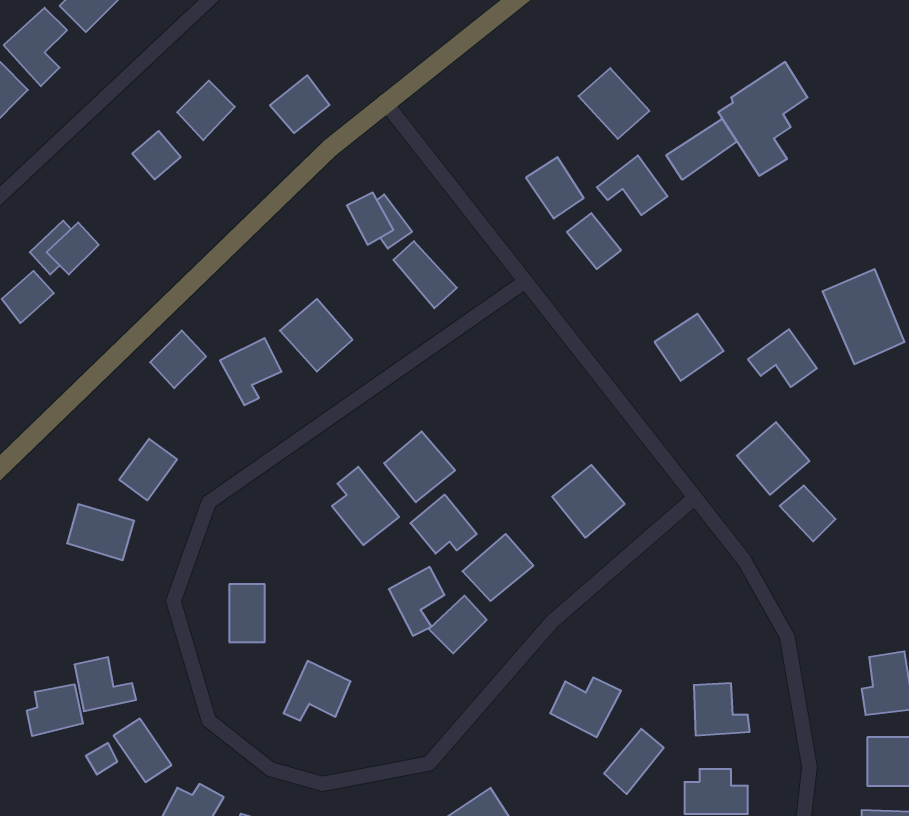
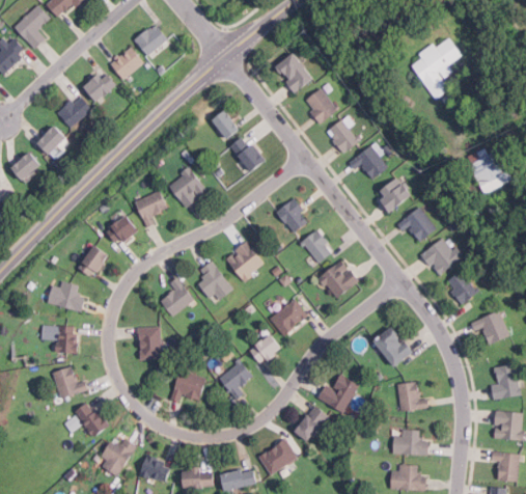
building: [578,68,649,139] -> [274,54,313,93]
building: [270,75,330,133] -> [134,24,167,56]
building: [666,119,737,180] -> none
building: [597,155,668,215] -> [348,145,387,179]
building: none -> [57,95,91,128]
building: [748,329,817,387] -> [396,208,435,240]
building: [150,330,206,388] -> [107,216,138,248]
building: none -> [276,199,309,234]
building: none -> [302,230,332,264]
building: [410,495,477,554] -> none
building: none -> [161,278,193,317]
building: none -> [471,312,507,344]
building: [389,567,445,636] -> [220,362,251,401]
building: none -> [56,326,77,353]
building: none -> [376,327,413,366]
building: [27,684,83,736] -> none
building: [604,729,664,794] -> [295,406,328,442]

